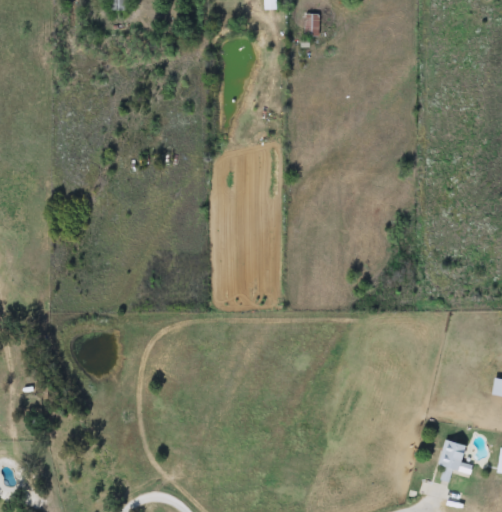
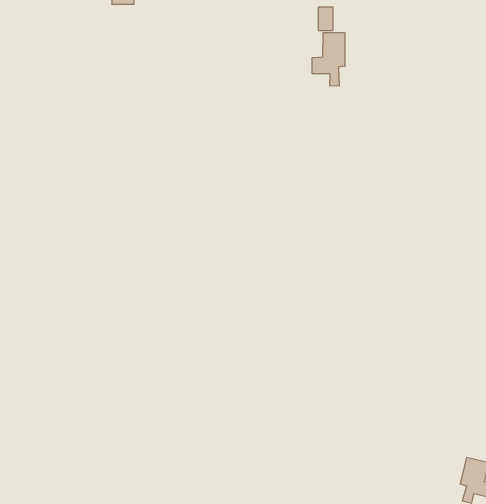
building: none -> [312,33,345,86]

